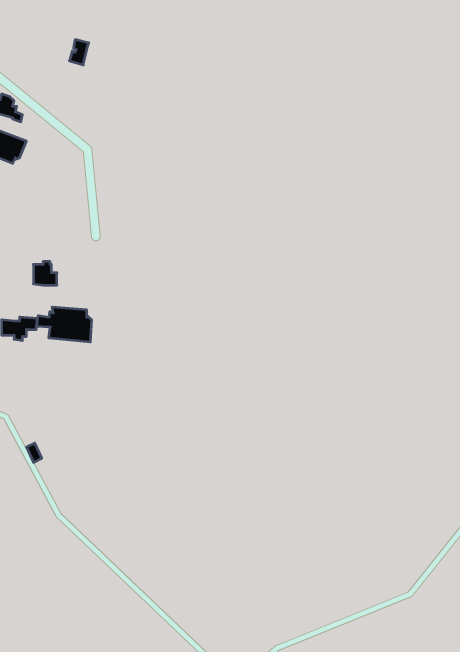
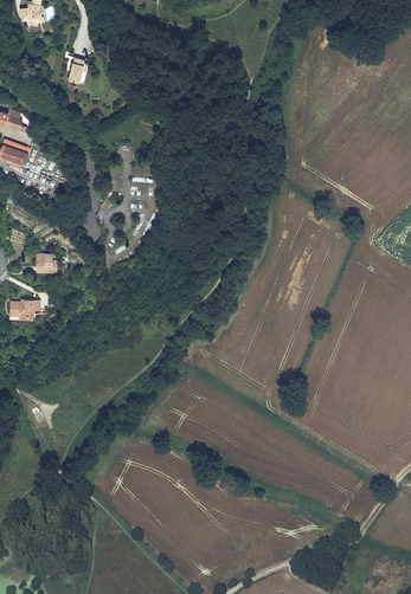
building: [37,307,91,342] -> none

